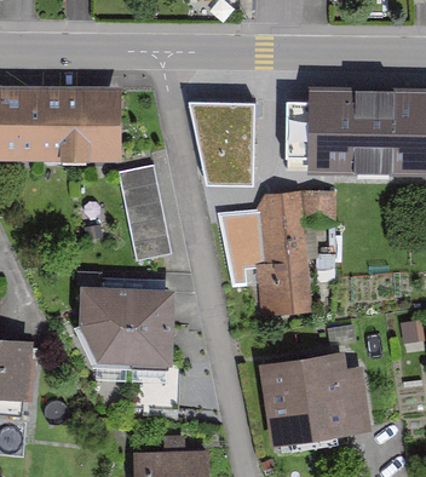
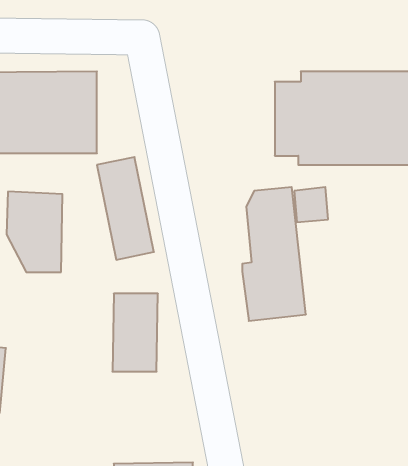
building: [188,98,254,180] -> none
building: [217,211,261,288] -> none
building: [81,289,133,364] -> [7,192,62,272]
building: [258,347,373,446] -> none

